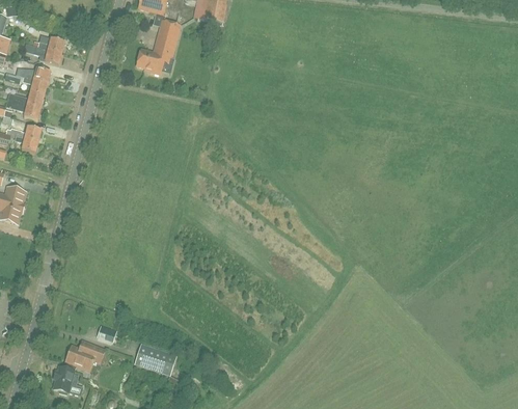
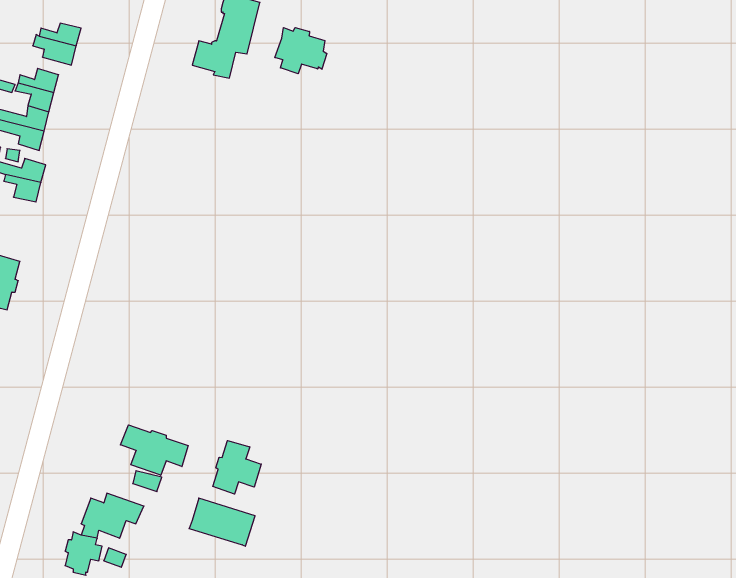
building: none -> [275,28,327,74]
building: none -> [120,425,188,475]
building: none -> [213,441,261,494]

